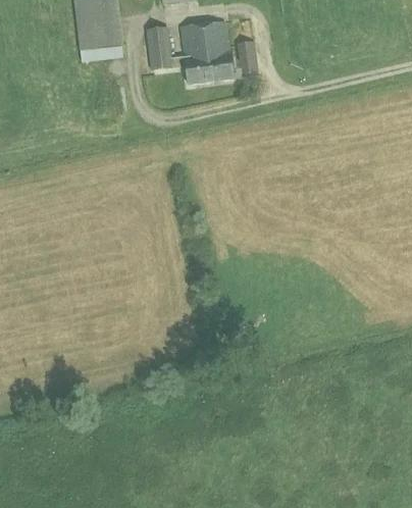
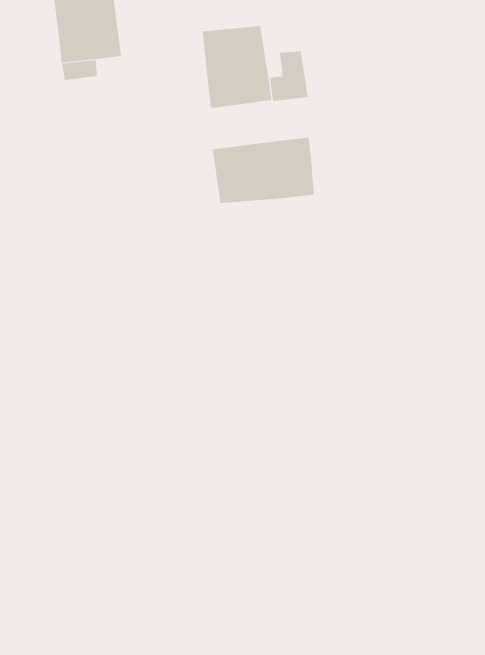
building: [146,27,185,69] -> none
building: none -> [212,137,315,204]

